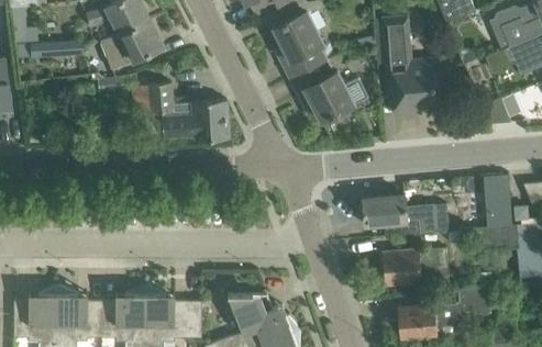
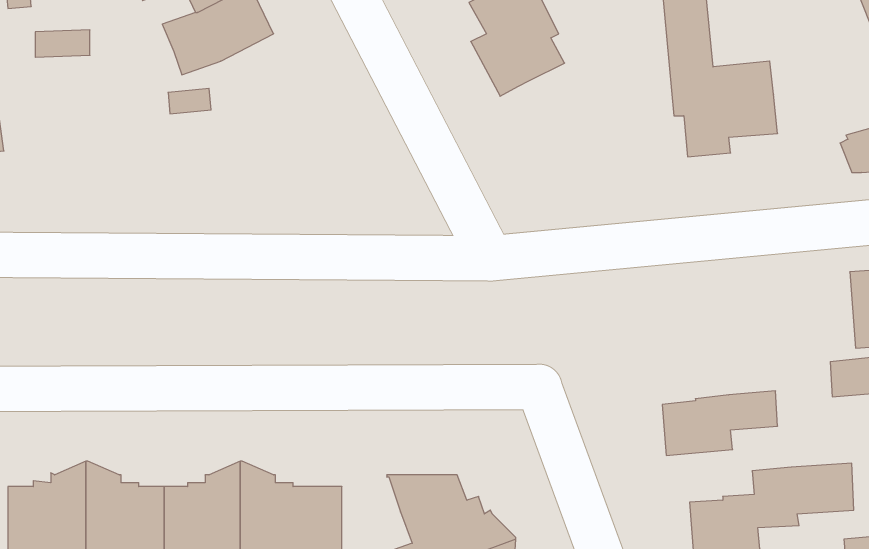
building: [290,63,368,122] -> none
building: [131,83,229,141] -> none
building: [362,194,449,234] -> none

